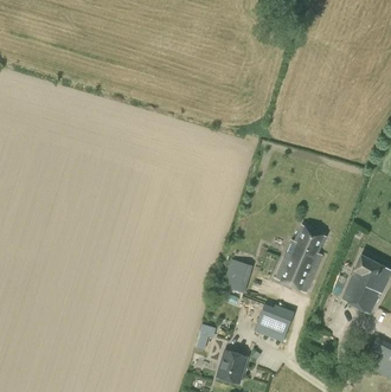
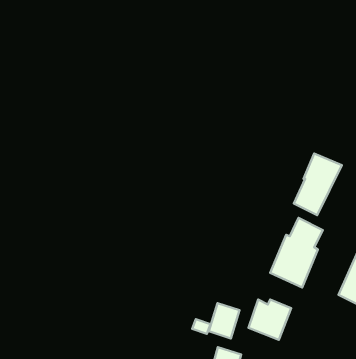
building: none -> [294,153,342,215]
building: [223,259,252,294] -> [209,303,239,338]

